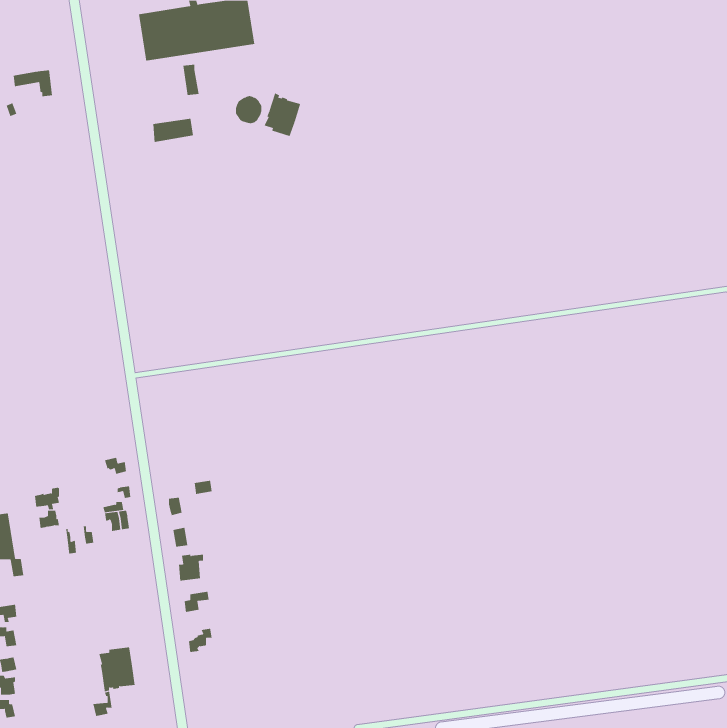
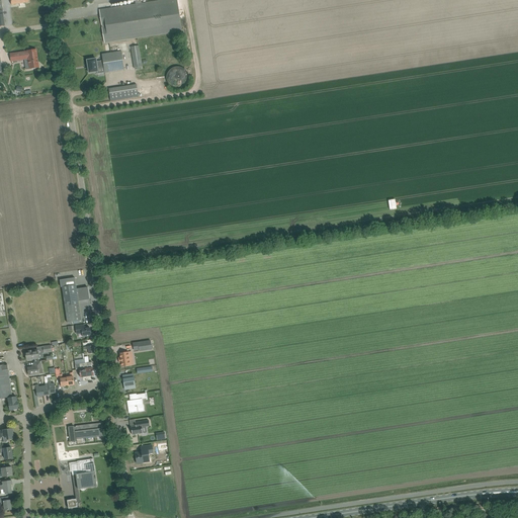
building: none -> [89,52,123,73]
building: [264,93,301,137] -> none
building: none -> [62,285,88,323]
building: none -> [67,423,103,442]

